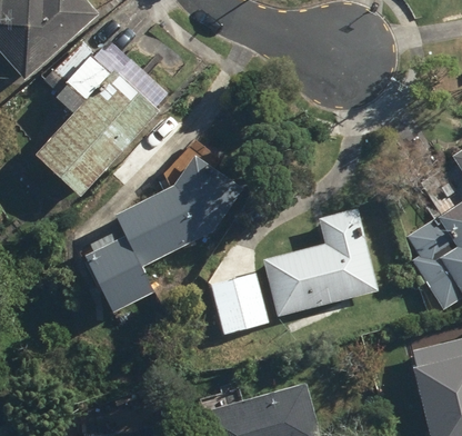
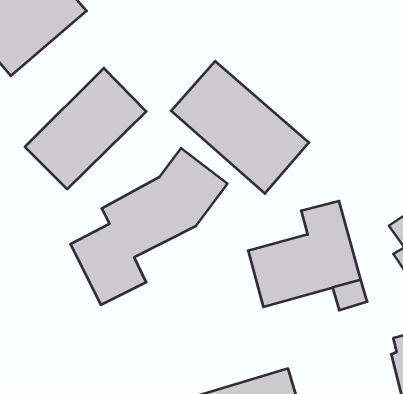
building: [53,42,110,112] -> none
building: none -> [171,61,309,194]
building: [210,270,271,335] -> none

